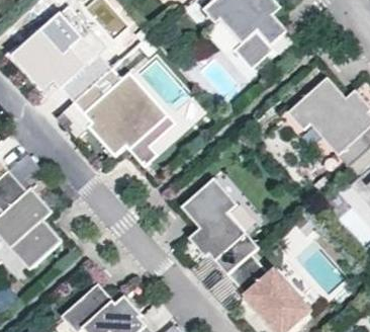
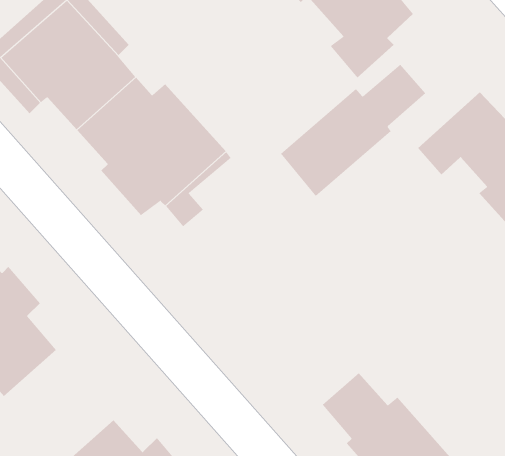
building: none -> [280,64,426,197]
building: [181,175,254,273] -> none

